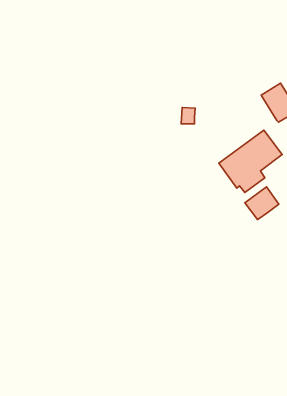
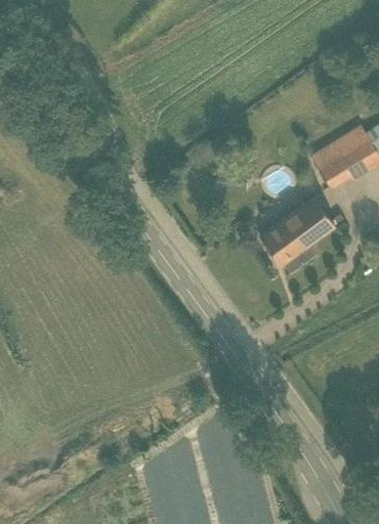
building: [245,187,279,219] -> none

